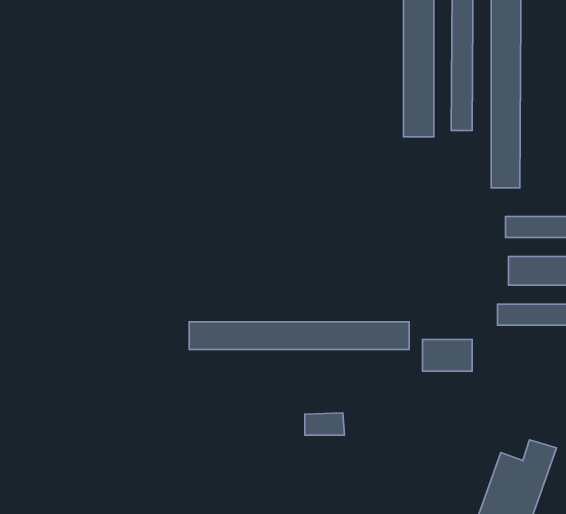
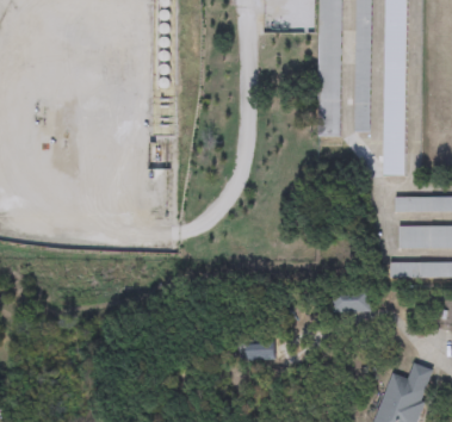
building: [189,322,409,349] -> none

